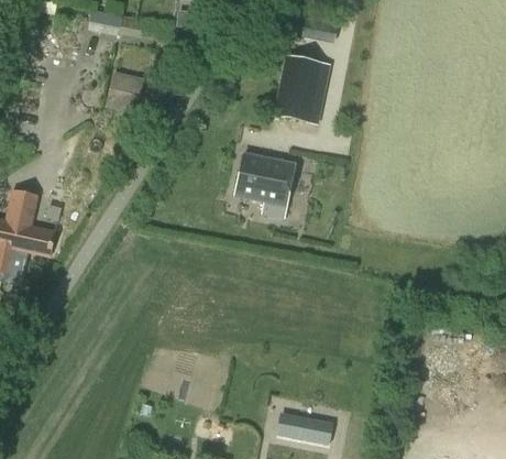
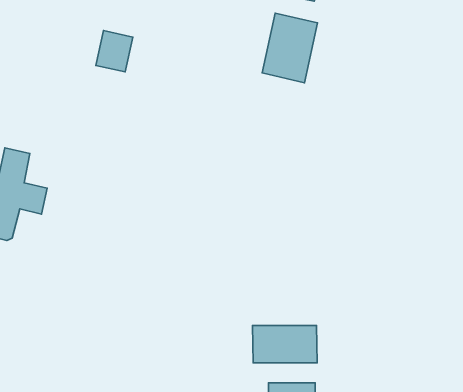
building: [237,153,296,217] -> none
building: none -> [253,325,317,363]

